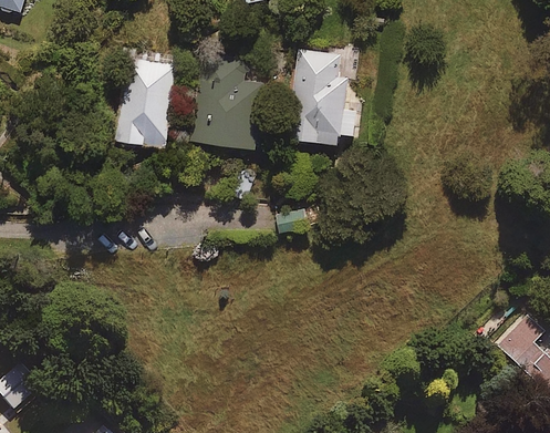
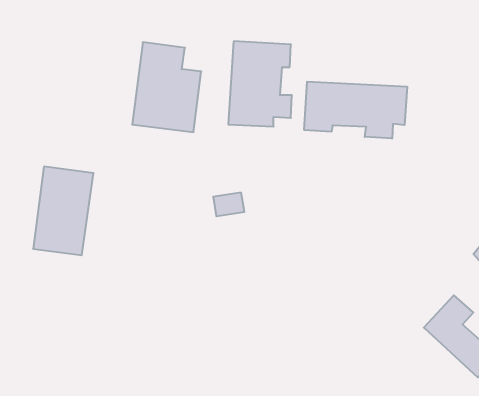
building: [115,55,177,146] -> [33,167,94,255]
building: none -> [304,82,407,139]

